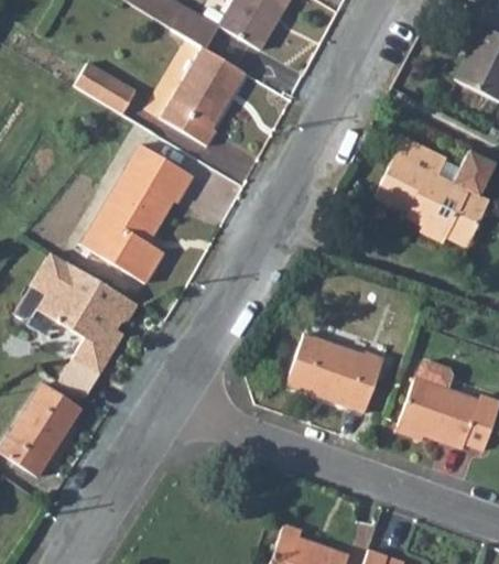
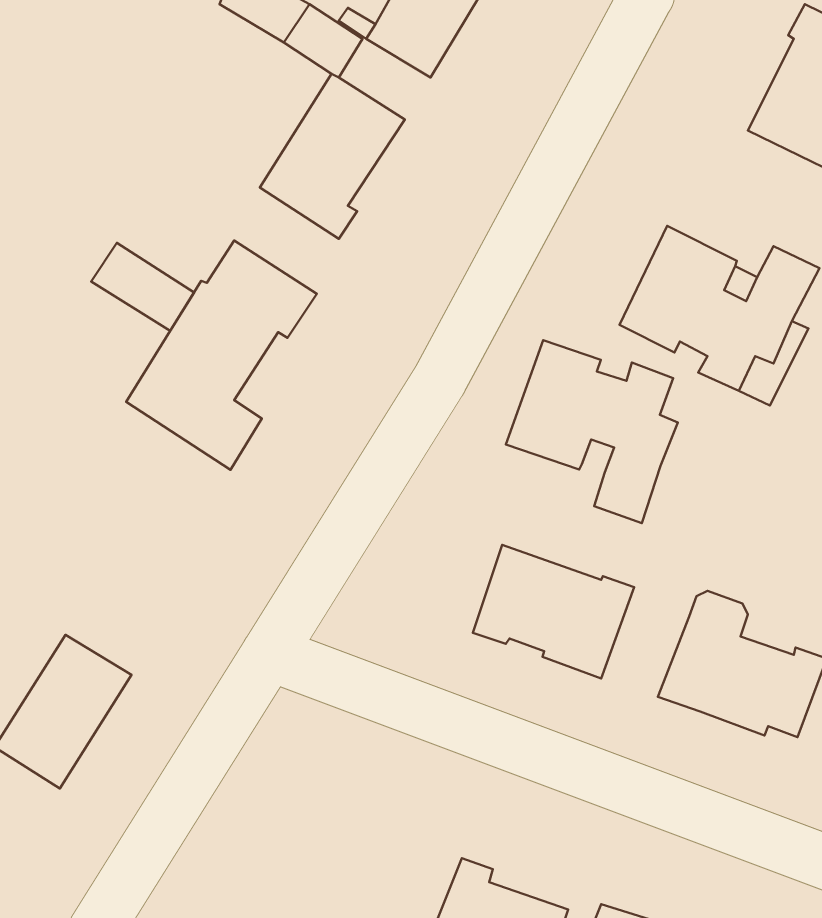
building: [77,62,139,115] -> [91,243,194,331]
building: none -> [506,340,678,523]
building: [15,251,139,397] -> none

